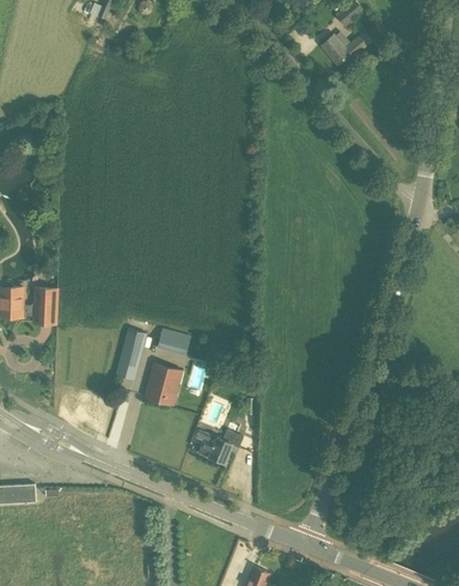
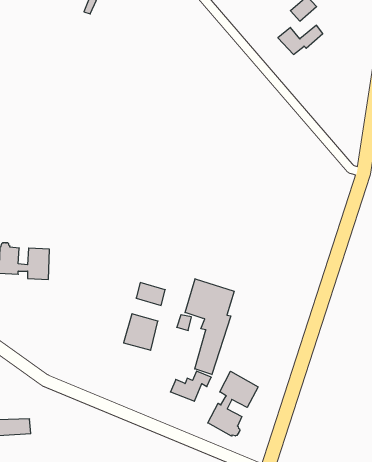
building: none -> [185,279,234,375]
building: [116,329,147,379] -> none
building: none -> [208,371,258,436]

